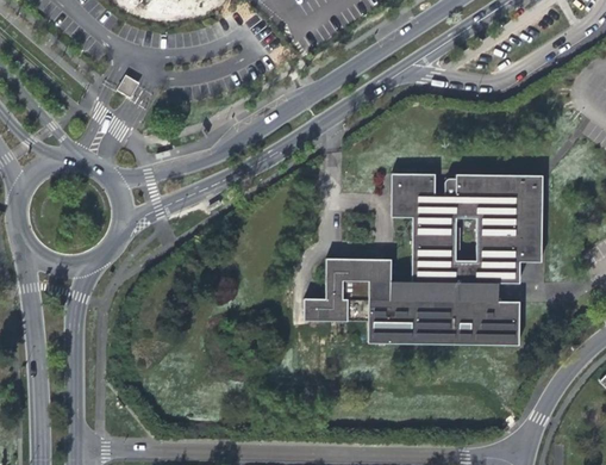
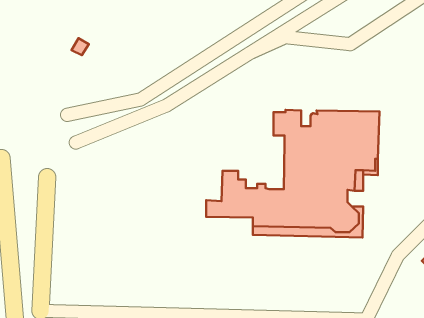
building: [348,256,392,281] -> none

